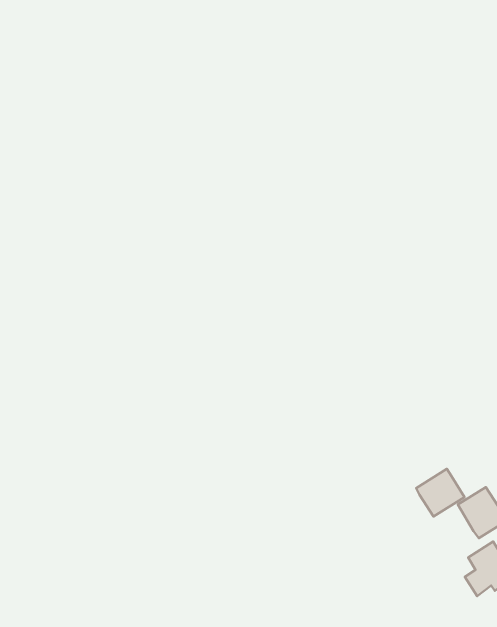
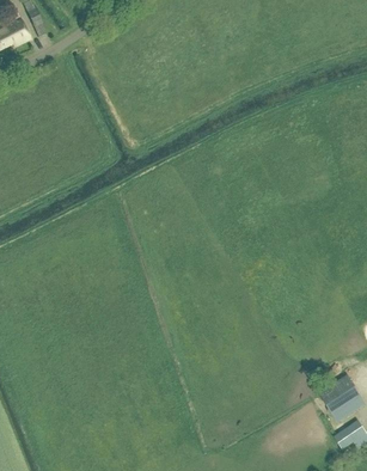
building: [416,469,464,516] -> none

